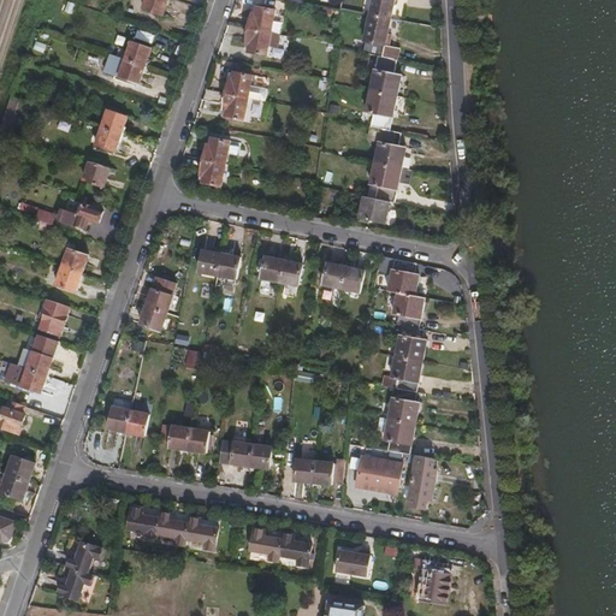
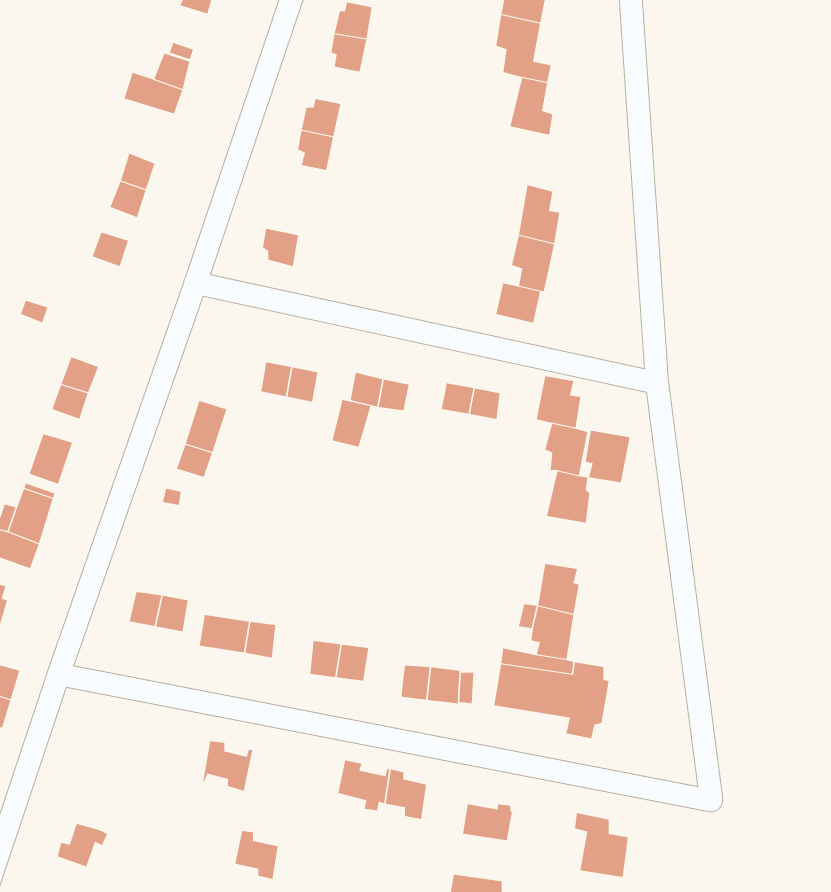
building: [365,89,396,131] -> none
building: [201,136,229,164] -> none
building: [58,203,101,227] -> none
building: none -> [332,399,371,448]
building: [390,356,421,392] -> [585,430,630,483]
building: [130,504,162,538] -> none
building: [188,516,218,550] -> [235,830,278,879]
building: [66,541,101,571] -> none

